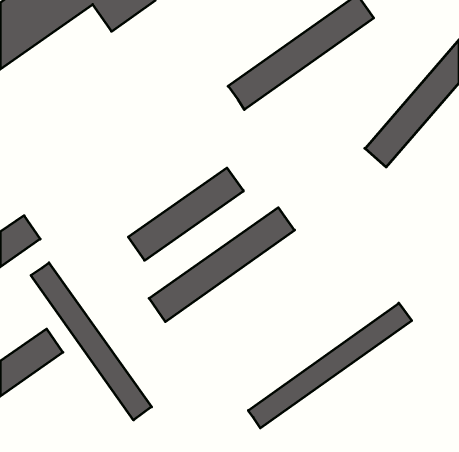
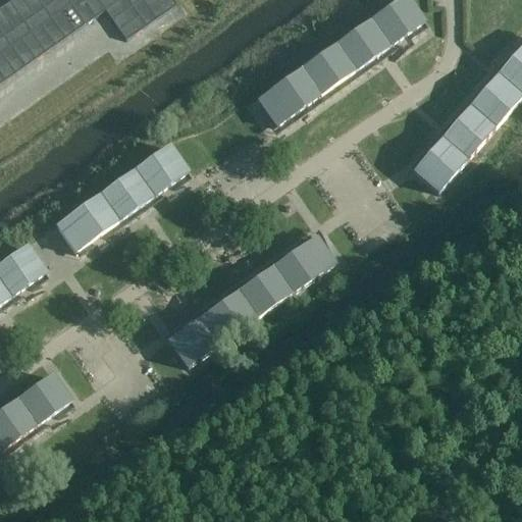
building: [128,168,243,260] -> [57,145,188,250]
building: [31,263,152,420] -> none
building: [248,303,412,428] -> none

